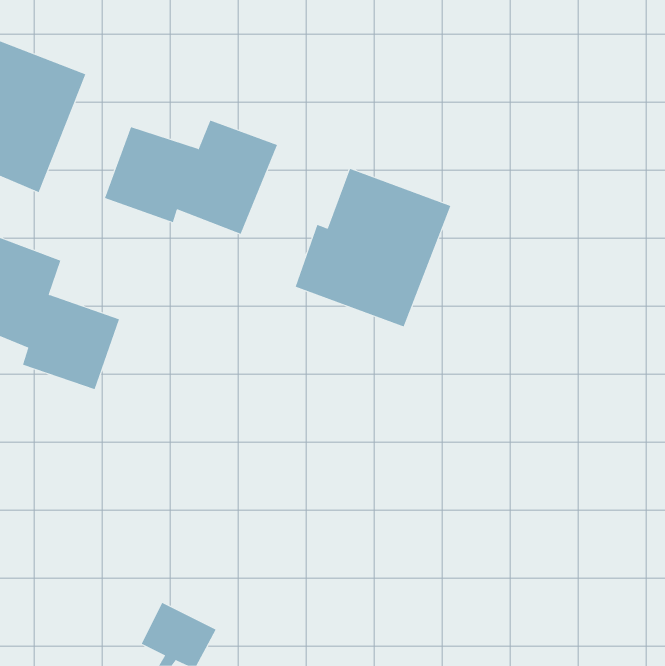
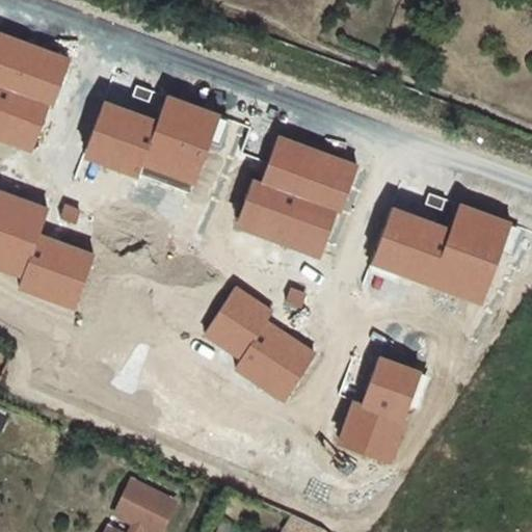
building: none -> [374,202,512,307]
building: none -> [204,285,315,406]
building: none -> [337,355,423,464]

